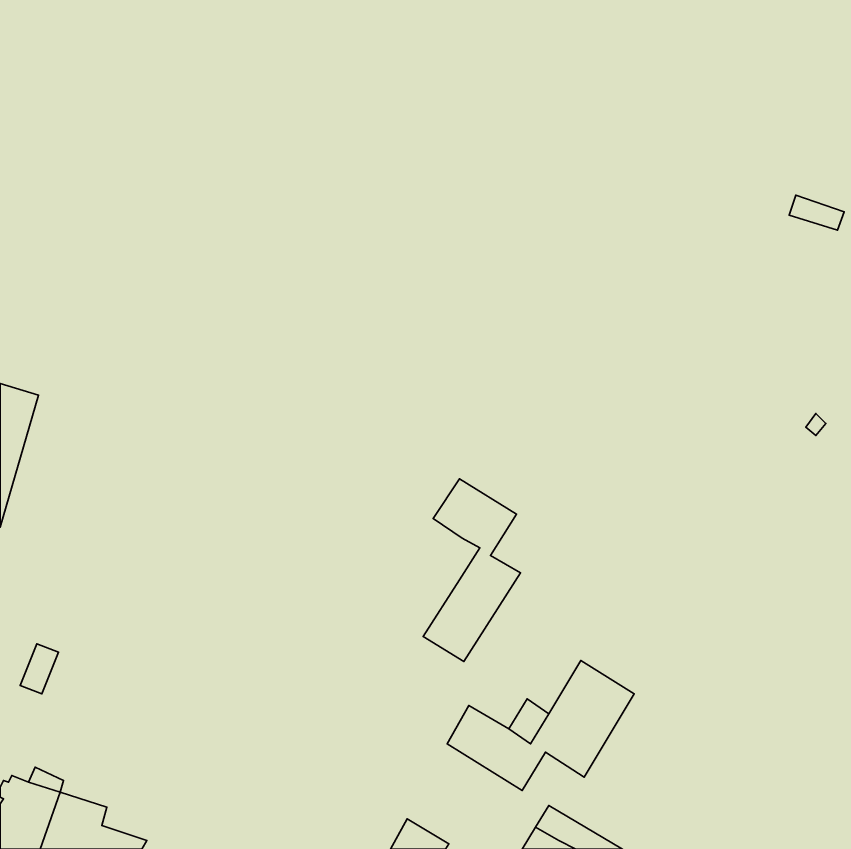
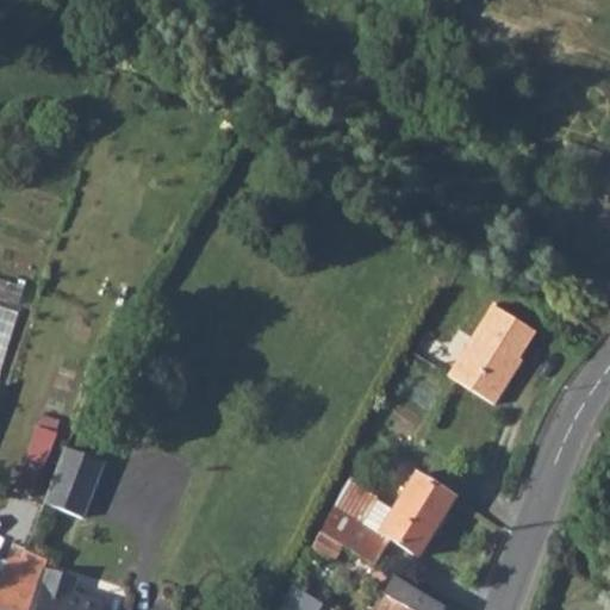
building: none -> [447,305,531,404]
building: [423,479,521,662] -> none
building: none -> [44,446,105,517]

